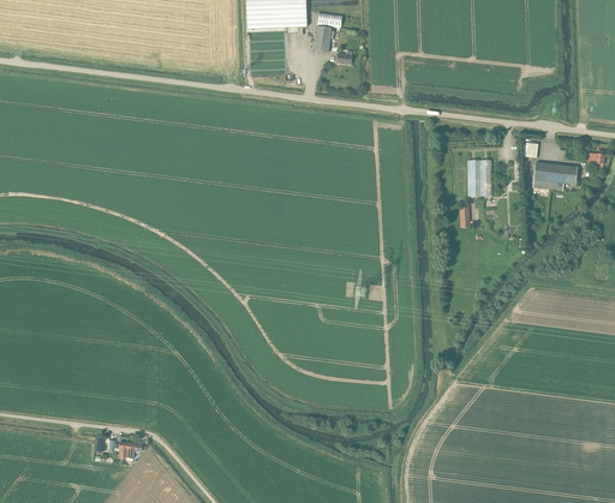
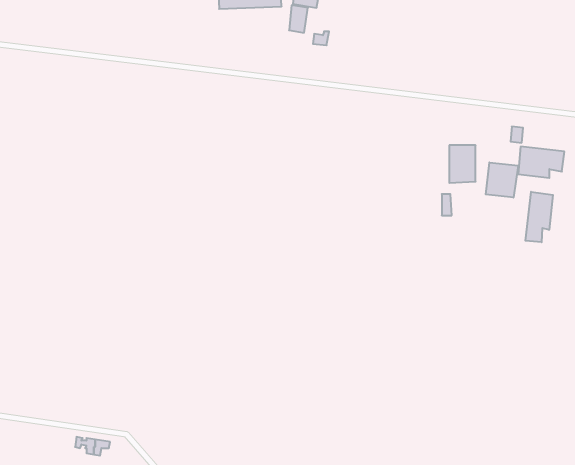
building: none -> [486,162,518,198]
building: none -> [525,192,553,242]

